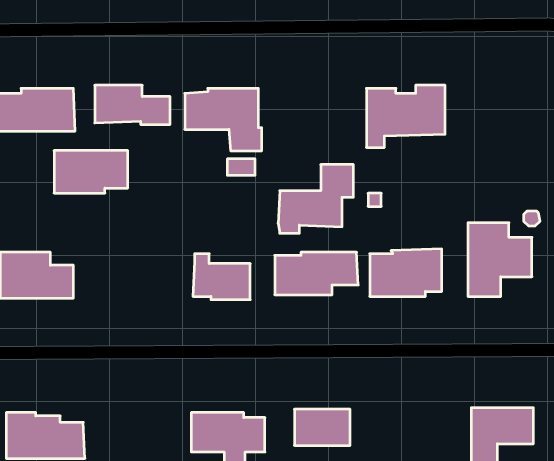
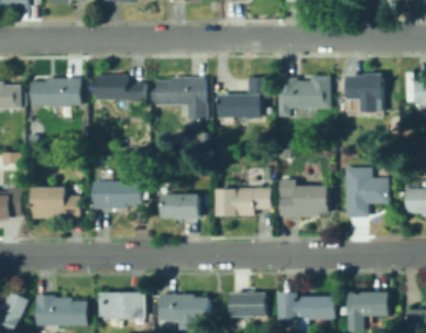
building: none -> [346,73,383,115]
building: [54,151,128,193] -> [90,180,140,209]
building: [278,165,353,233] -> [217,77,267,123]
building: none -> [98,292,145,319]
building: none -> [278,292,336,320]

